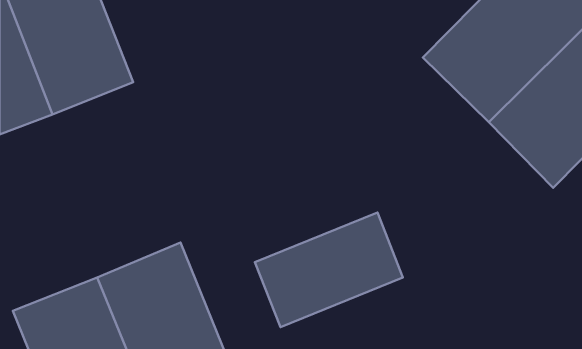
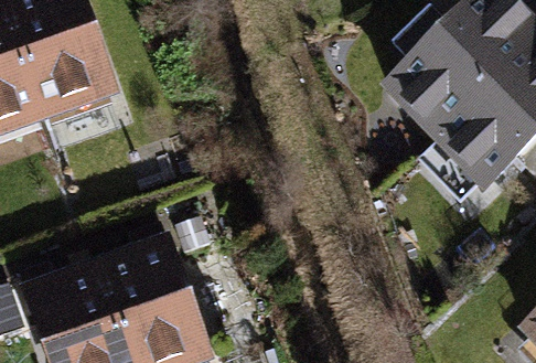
building: [255,213,403,327] -> none

